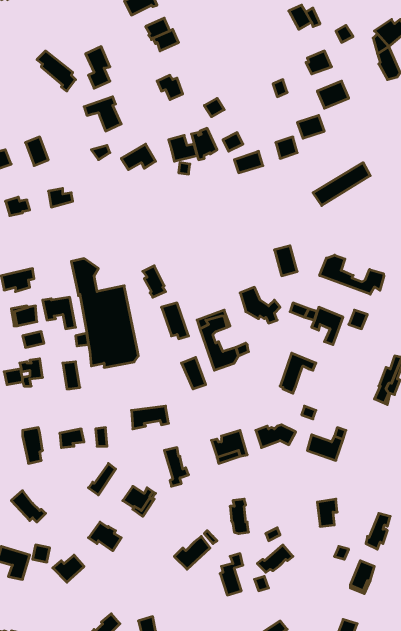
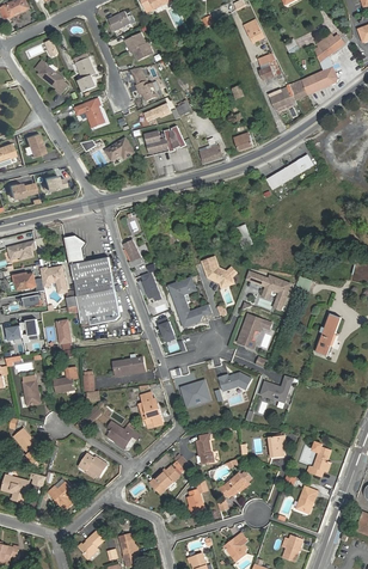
building: none -> [287,72,326,100]
building: [320,255,384,294] -> none

